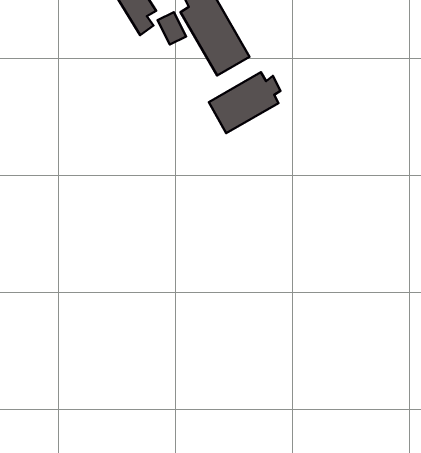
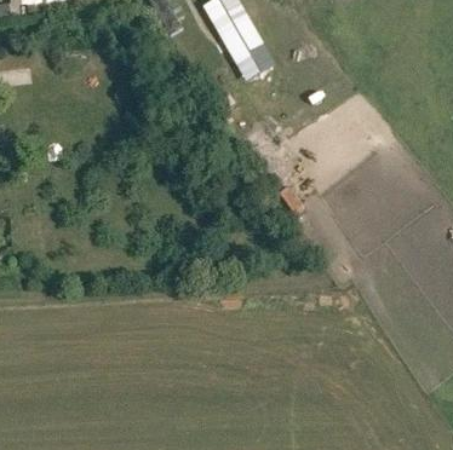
building: [209,72,280,133] -> none

